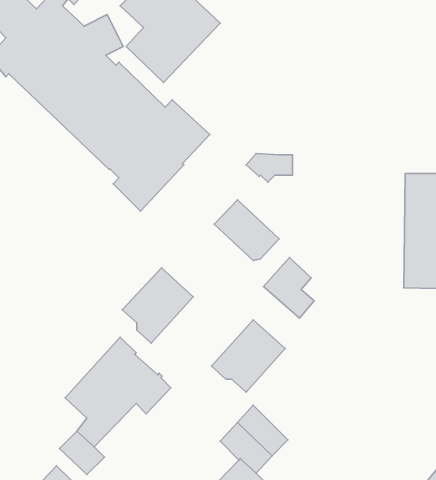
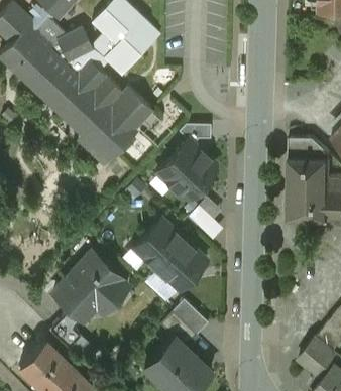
building: none -> [172,140,215,184]
building: [122,268,193,343] -> [133,221,183,273]

